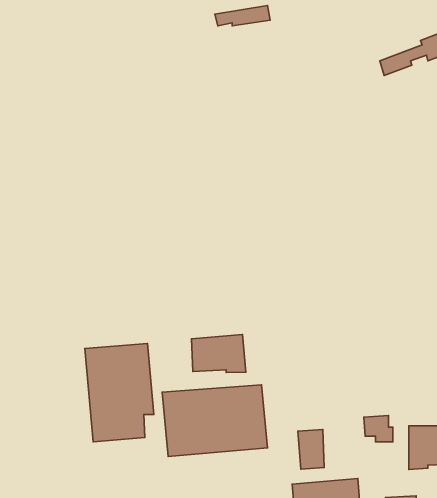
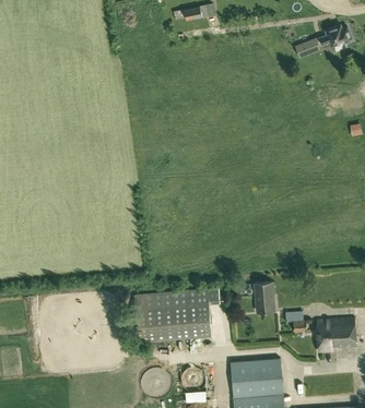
building: [191,334,246,372] -> none
building: [85,343,154,442] -> none
building: [298,430,324,469] -> [255,283,274,312]

